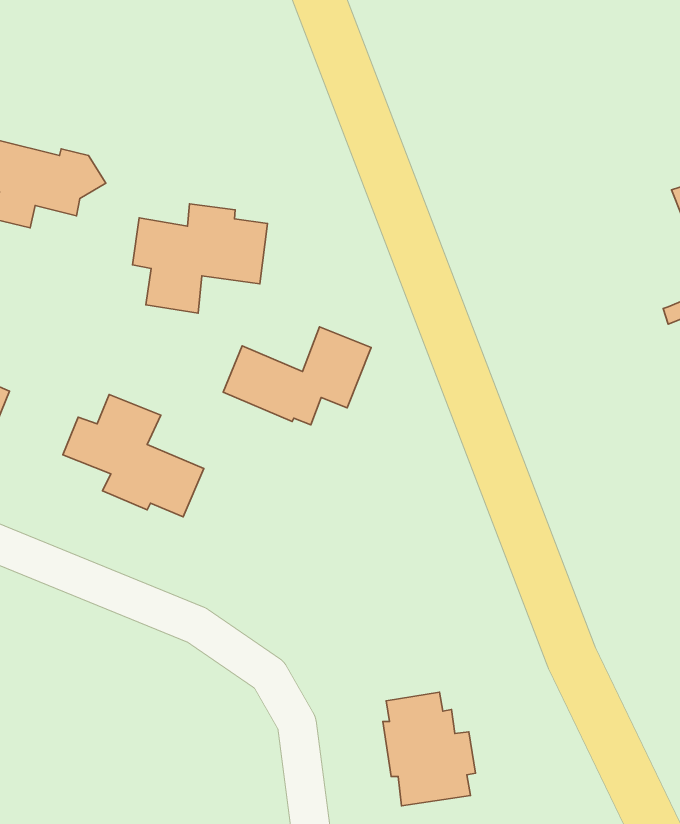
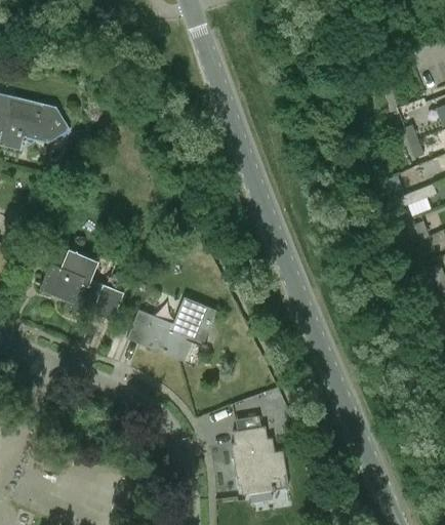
building: [132,204,268,313] -> none
building: [223,327,371,425] -> [126,297,214,356]

